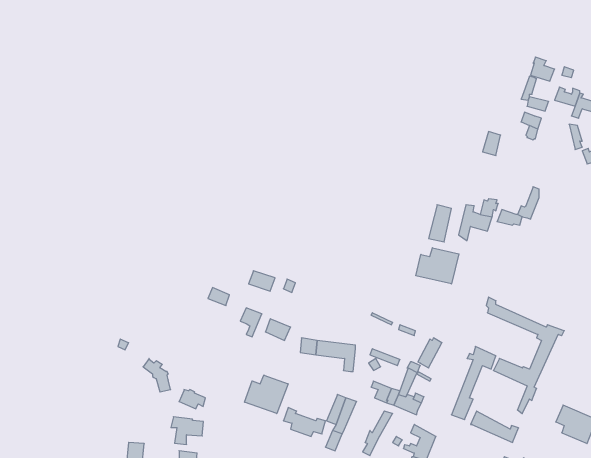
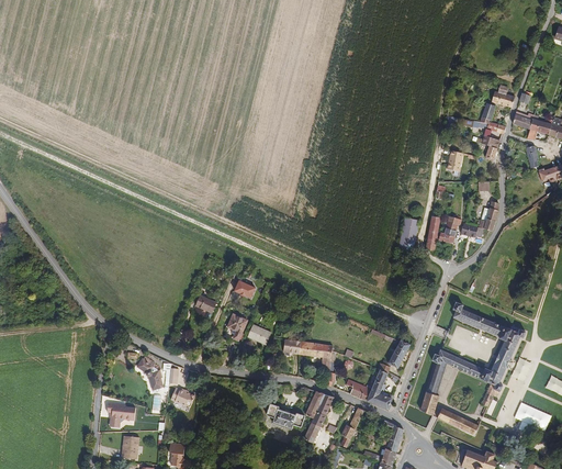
building: [416,248,459,284] -> none
building: [245,375,288,414] -> none
building: [171,417,203,444] -> [108,402,137,427]

